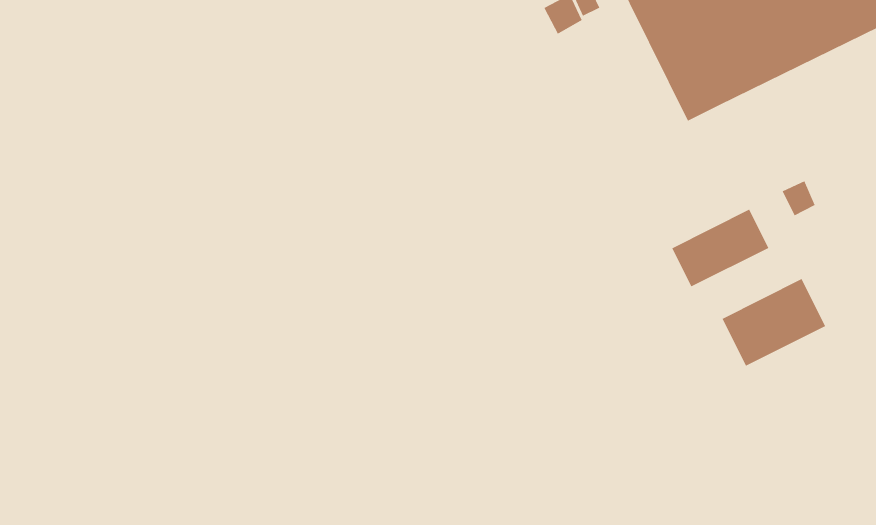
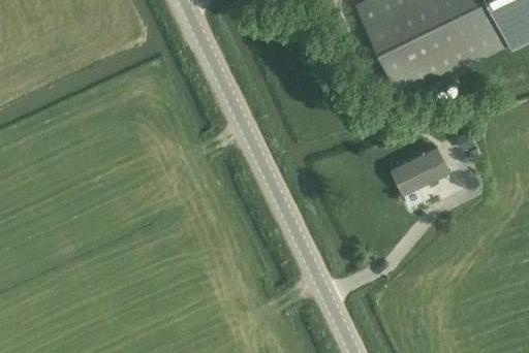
building: [722,278,826,367] -> none

